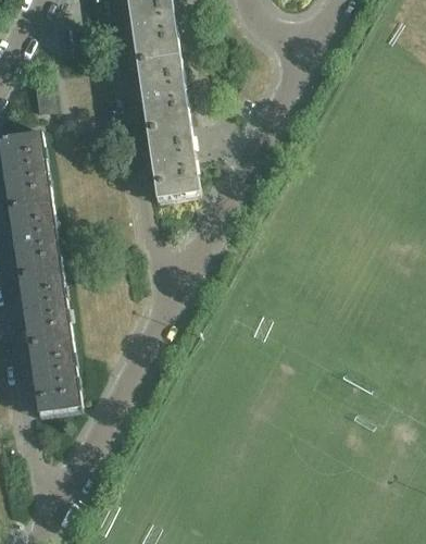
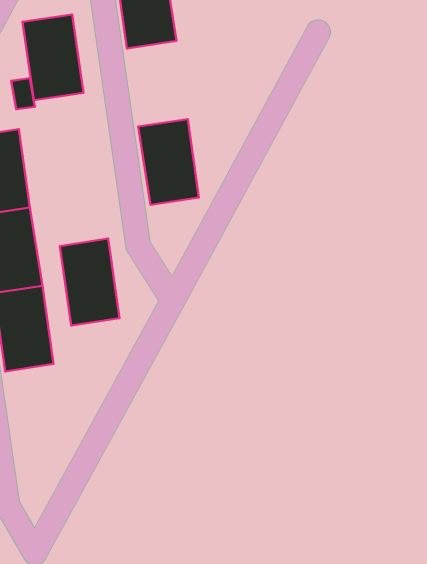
building: [135,53,188,128] -> [23,14,83,100]
building: [28,336,80,412] -> [60,239,119,326]

